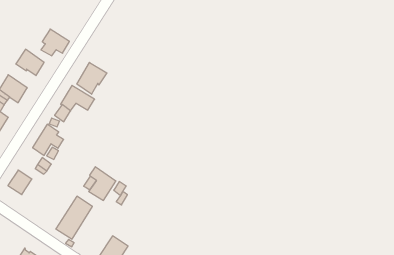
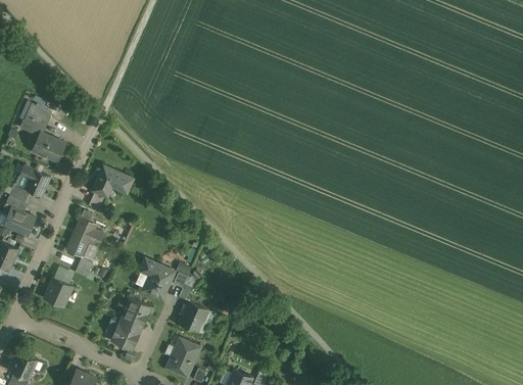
building: [41,29,69,56] -> [19,100,52,132]
building: [77,62,107,94] -> none
building: none -> [179,301,206,329]

